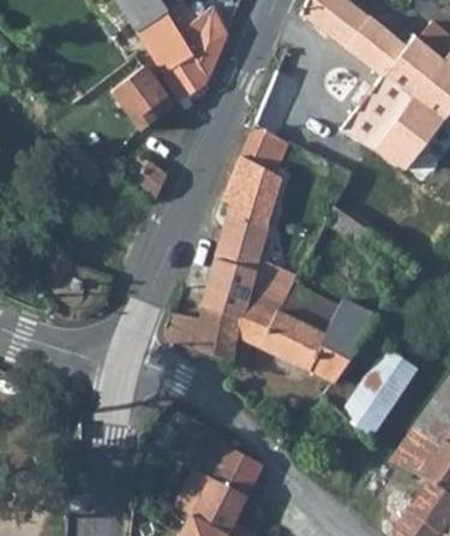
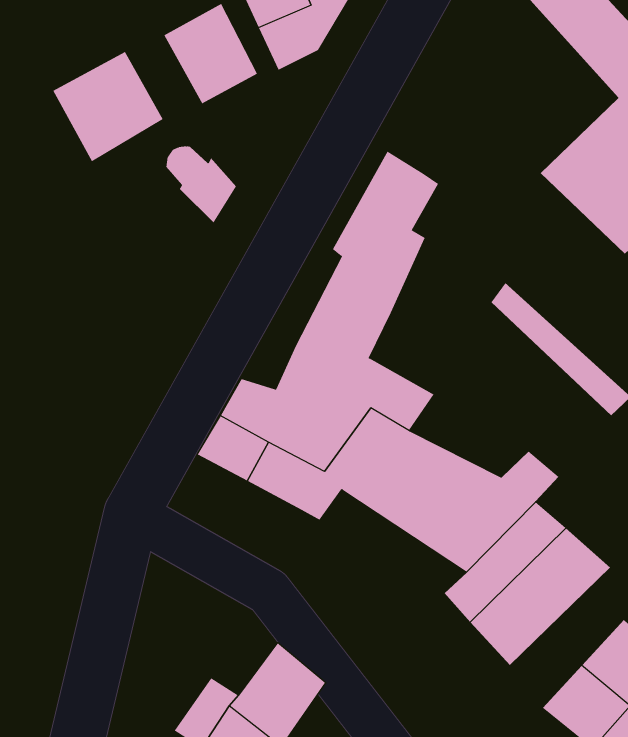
building: [253,75,302,144] -> none
building: none -> [52,51,163,162]

